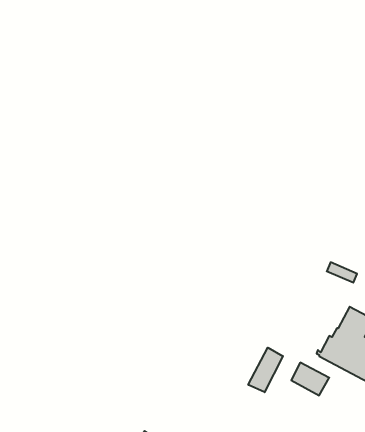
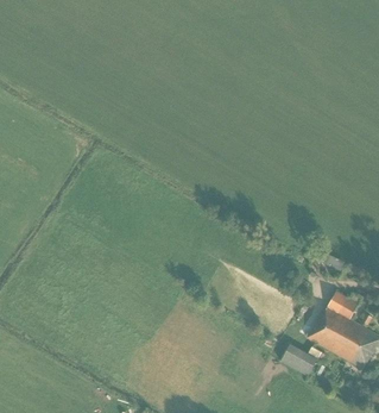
building: [248,348,283,392] -> none

